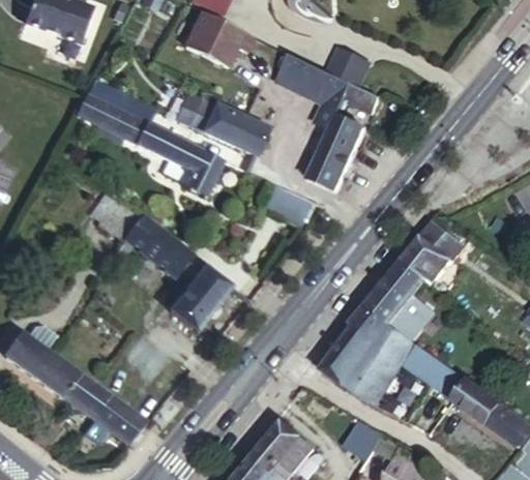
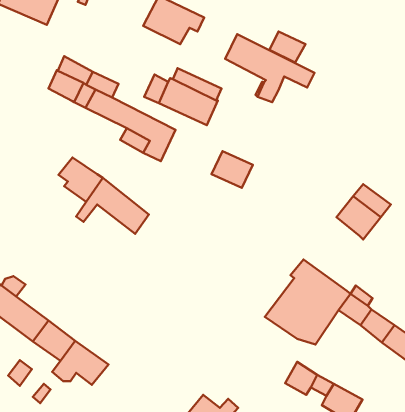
building: [308,116,363,189] -> none
building: [364,259,436,341] -> none
building: [169,266,231,331] -> none
building: [252,422,312,473] -> none

